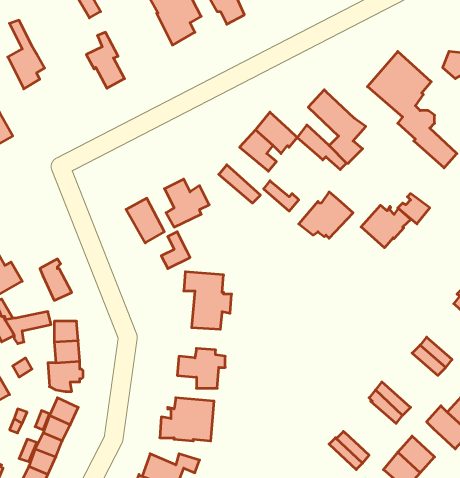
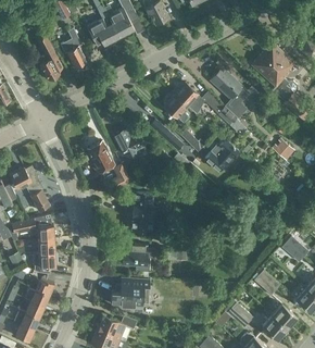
building: none -> [86,16,118,47]
building: [8,20,45,89] -> [37,34,62,80]
building: [361,205,411,248] -> none
building: none -> [10,166,40,190]

